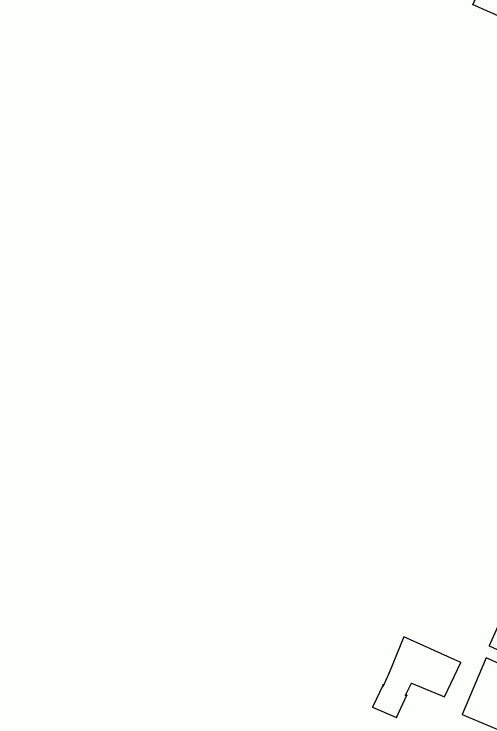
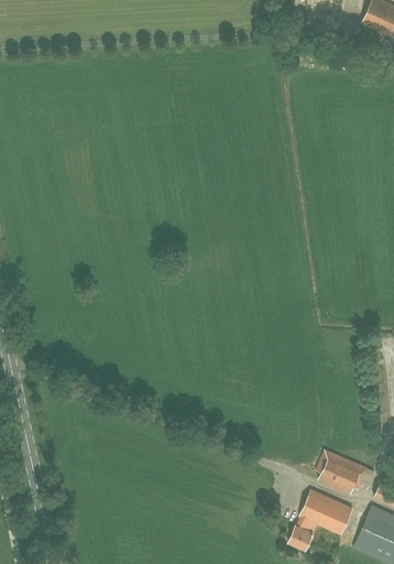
building: none -> [317,449,374,494]

